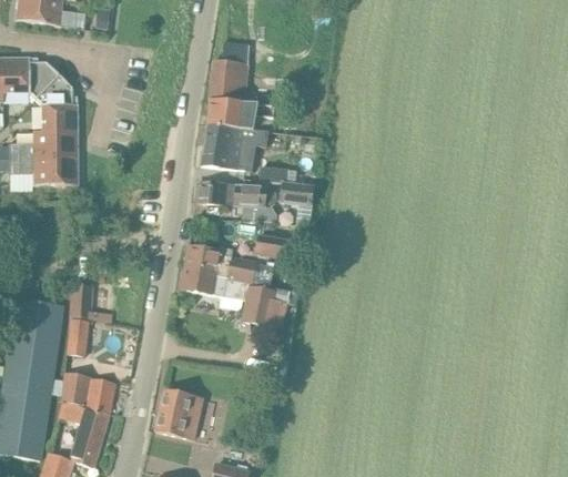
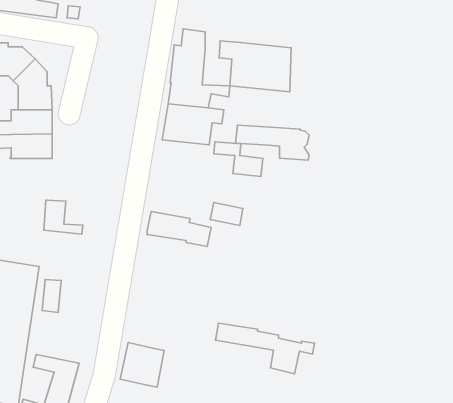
building: none -> [219,41,291,92]
building: [194,182,276,221] -> [235,125,309,160]
building: [181,270,291,326] -> [216,323,314,374]
building: [69,284,112,322] -> [44,200,83,234]
building: [61,372,115,413] -> none

